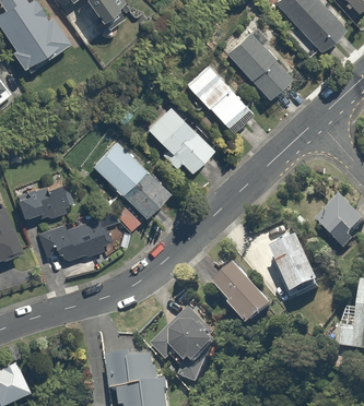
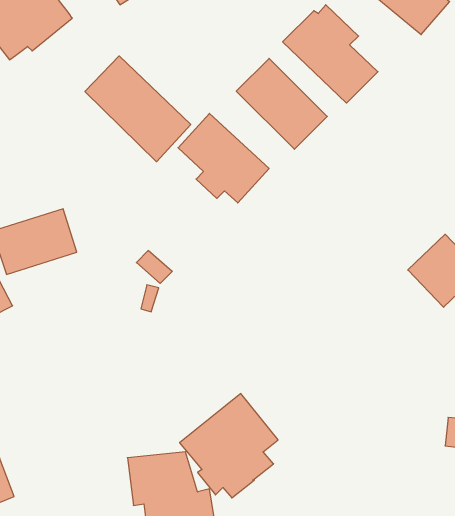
building: [90,141,167,218] -> [85,56,191,162]
building: [39,219,107,271] -> none
building: [274,239,322,296] -> none
building: [214,264,278,333] -> none

